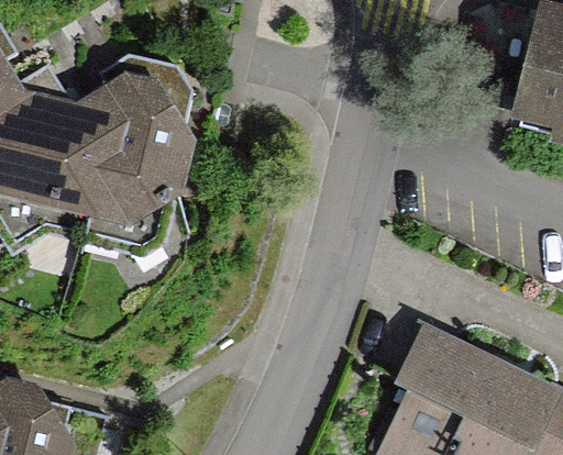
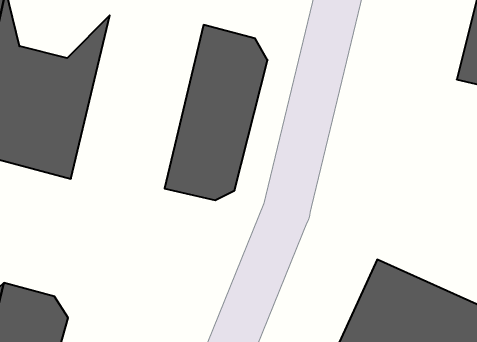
building: [85,57,201,255] -> [165,25,268,200]

